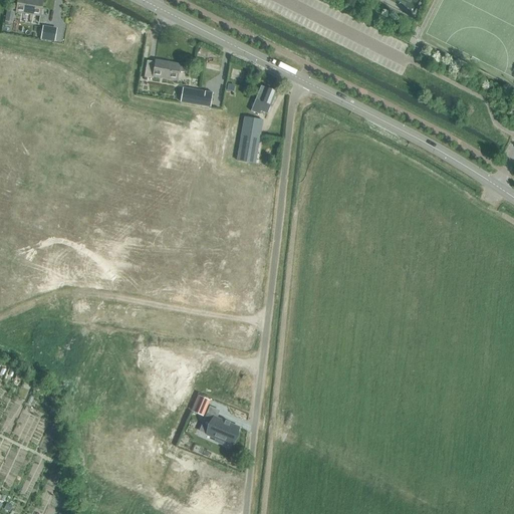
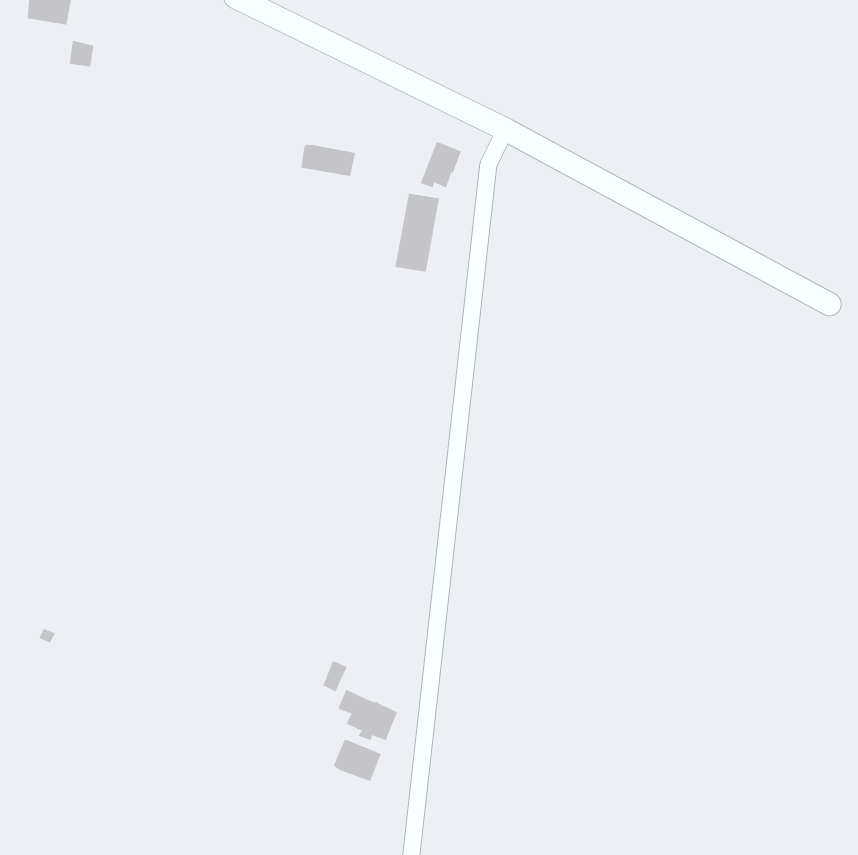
building: [145,58,180,79] -> none
building: none -> [334,738,381,782]

